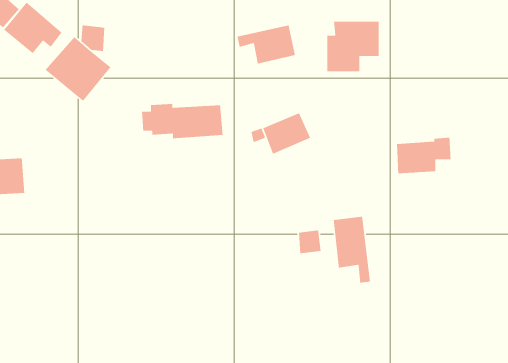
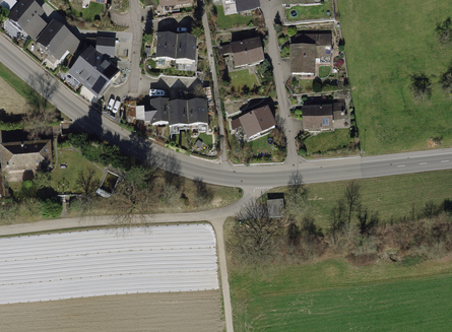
building: none -> [155,32,197,61]
building: [396,137,452,174] -> [302,102,345,131]
building: [333,216,371,284] -> none

